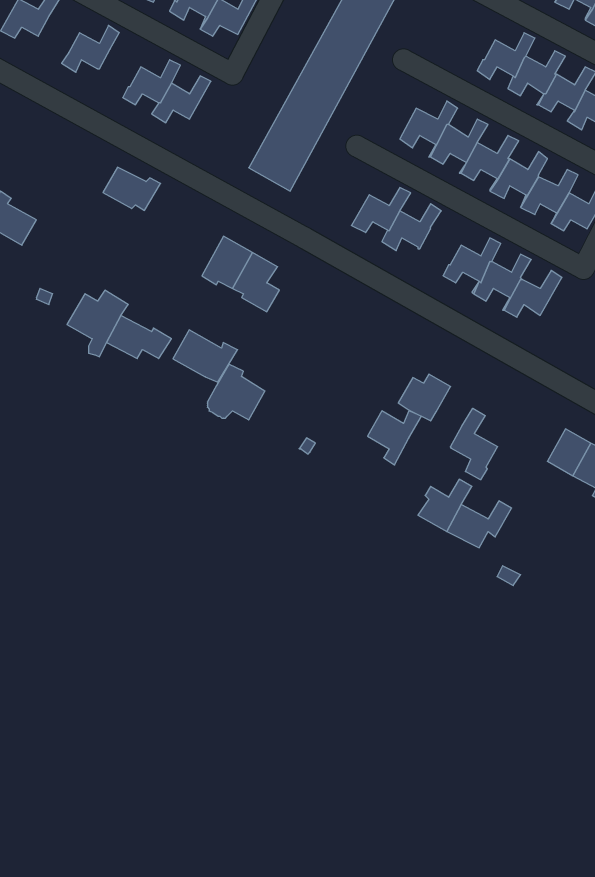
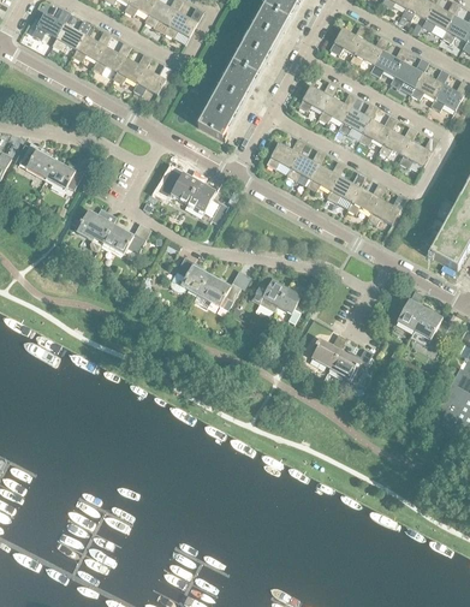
building: none -> [50,19,90,49]
building: none -> [328,24,367,54]
building: none -> [91,42,130,72]
building: [103,167,161,210] -> [44,160,83,189]
building: none -> [305,161,344,191]
building: [173,330,238,382] -> [196,274,239,309]
building: [398,374,451,421] -> [250,279,285,310]
building: [450,408,498,480] -> none

